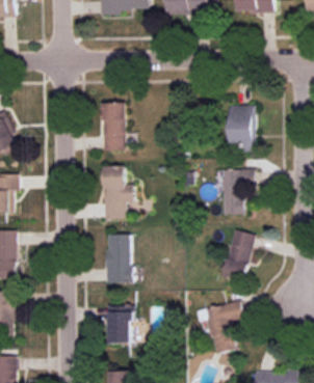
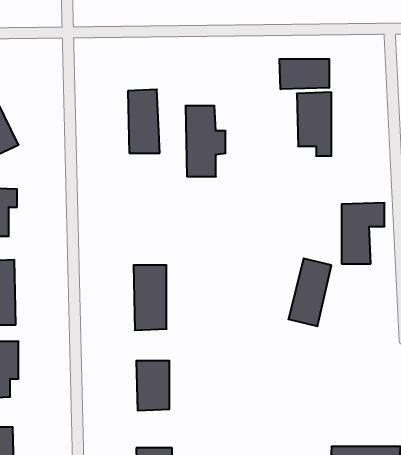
building: none -> [279,59,329,89]
building: [102,166,132,219] -> [185,106,226,177]
building: [221,169,254,215] -> [342,203,385,264]
building: [194,302,242,354] -> none

